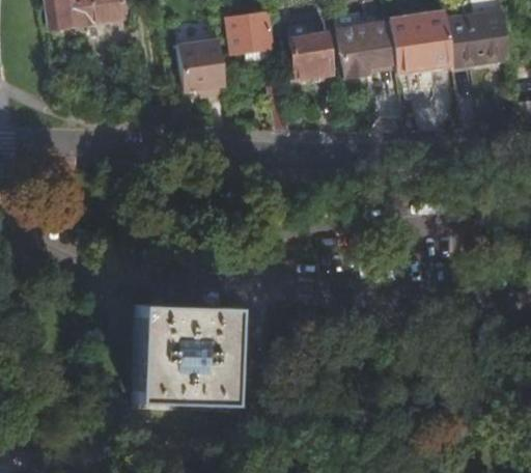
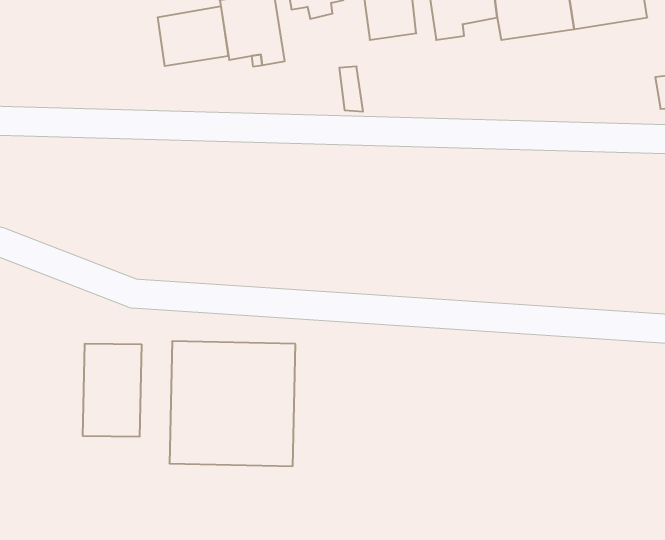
building: none -> [158,6,228,66]
building: none -> [83,344,141,437]

